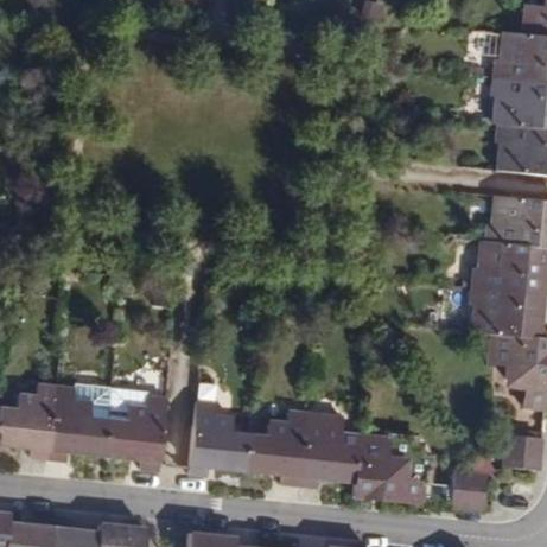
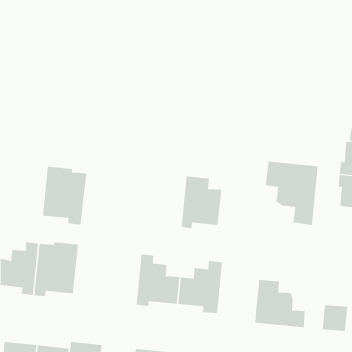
building: none -> [265,161,318,226]
building: [103,388,166,470] -> [42,166,87,225]
building: [304,413,361,486] -> [181,176,222,229]

